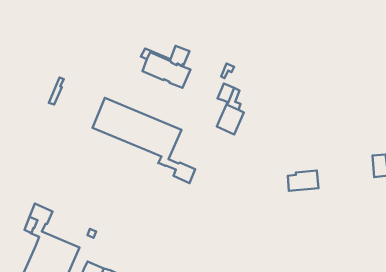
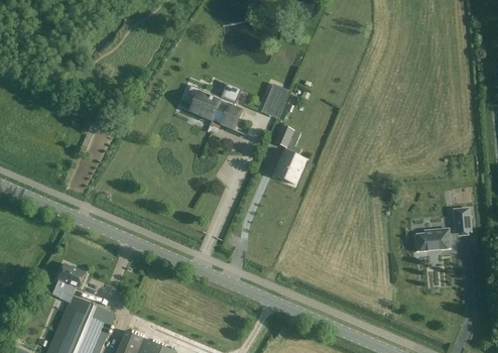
building: none -> [261,83,288,118]
building: [93,98,195,183] -> none
building: [288,171,318,191] -> [415,228,451,251]

